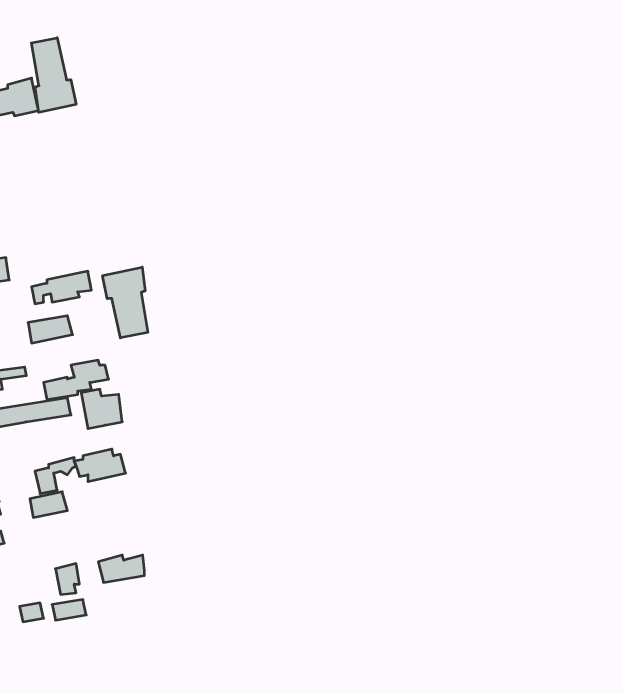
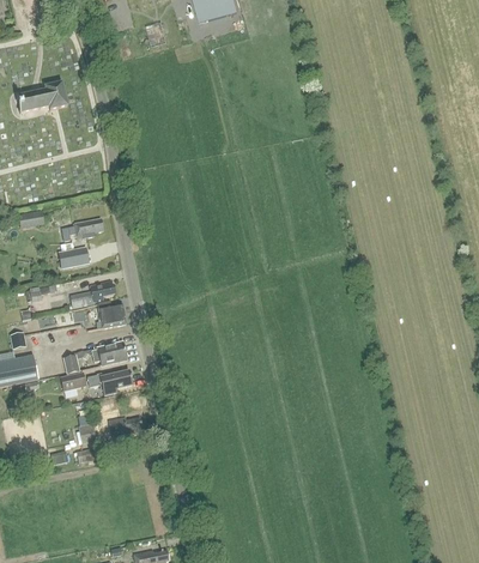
building: [31,38,76,112] -> none
building: [103,267,148,338] -> none
building: none -> [87,370,132,394]

